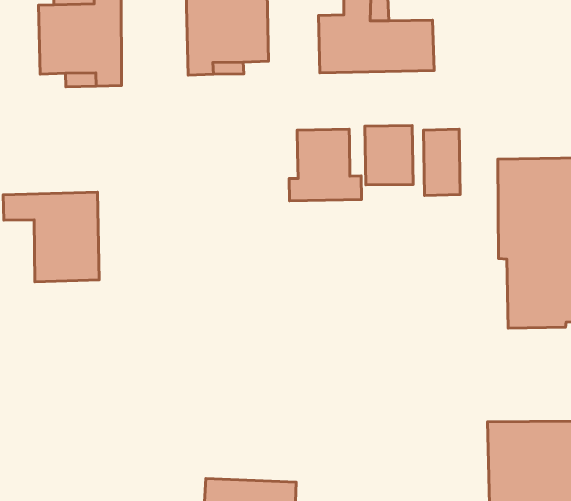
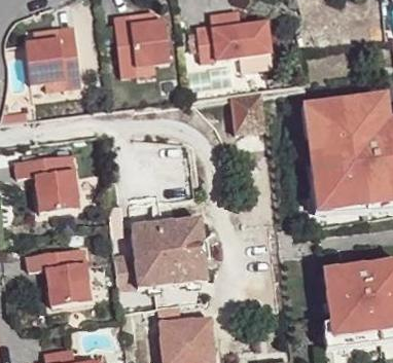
building: [424,129,460,195] -> none
building: [289,129,362,201] -> none
building: none -> [114,216,208,287]
building: none -> [27,246,90,304]

